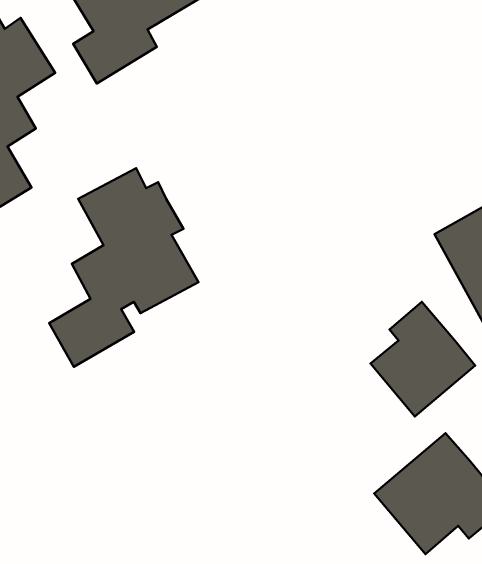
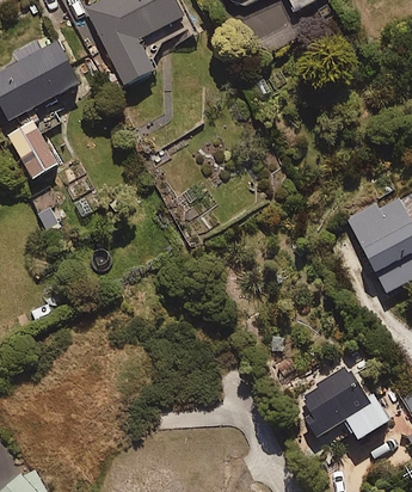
building: [49,168,198,367] -> none
building: [370,302,475,416] -> none

